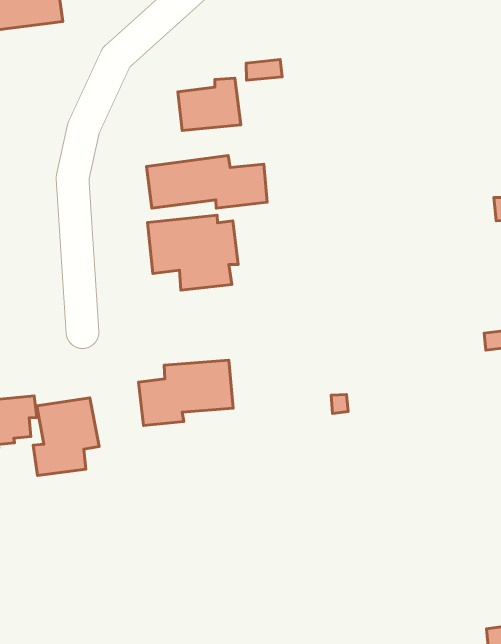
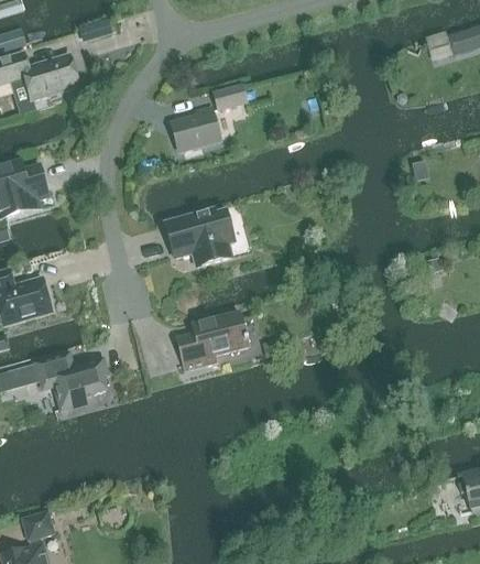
building: [146,156,267,208] -> none
building: [33,398,99,476] -> none

